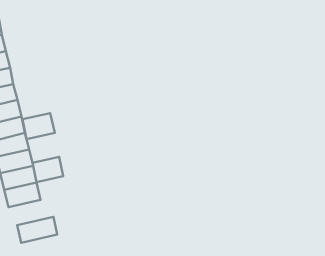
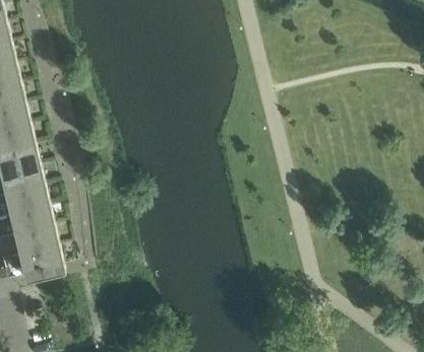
building: [22,113,55,139] -> none
building: [33,157,63,182] -> none
building: [17,217,57,243] -> none

